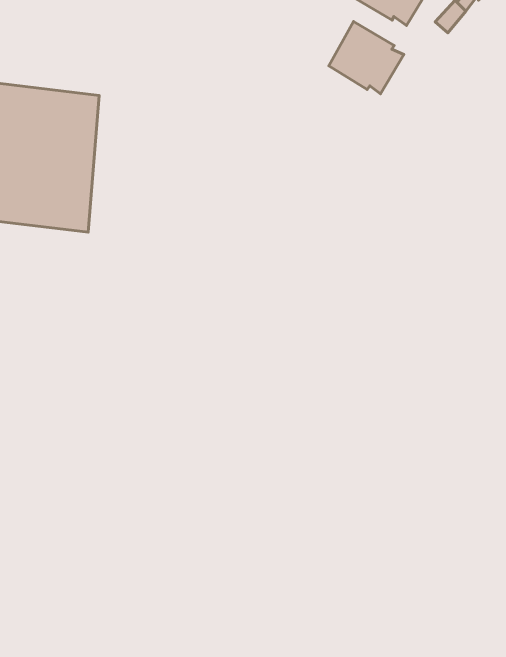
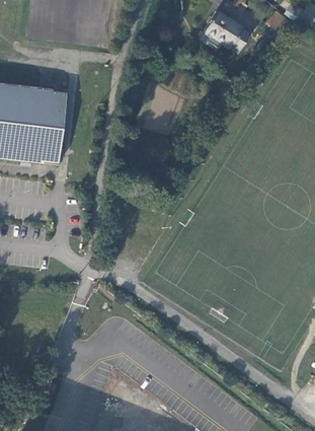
building: [329,21,404,94] -> none

